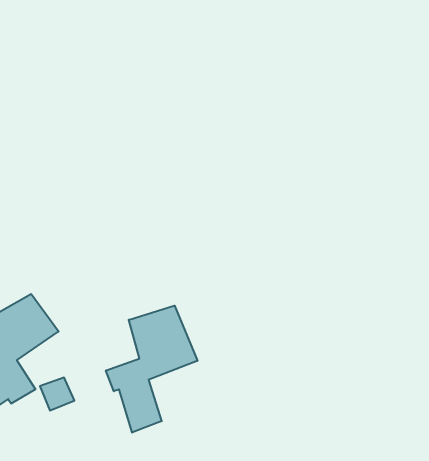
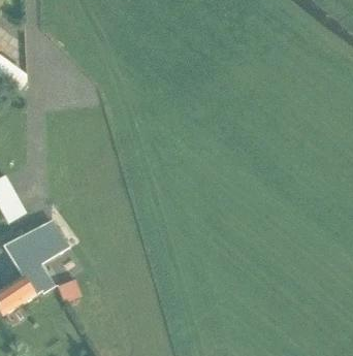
building: [106,306,197,433] -> none

